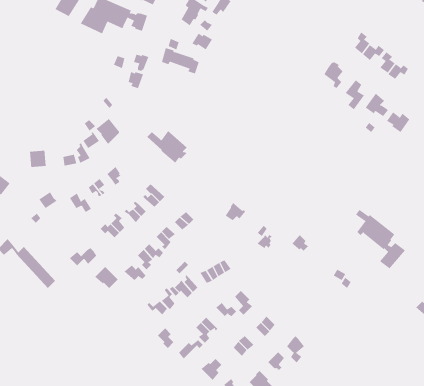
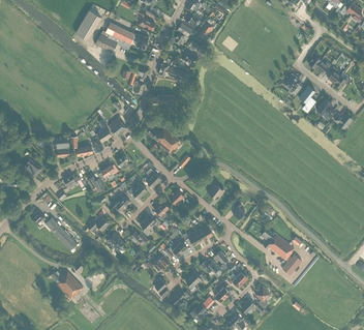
building: [355,209,406,269] -> [263,228,302,274]
building: none -> [51,270,83,299]

